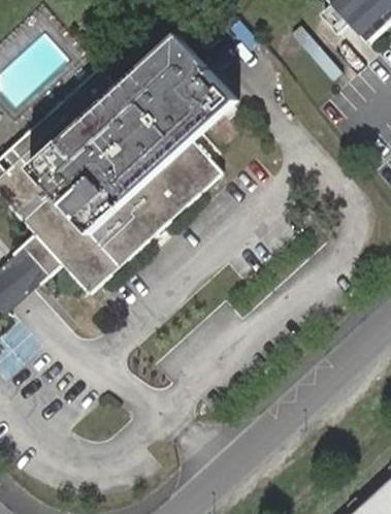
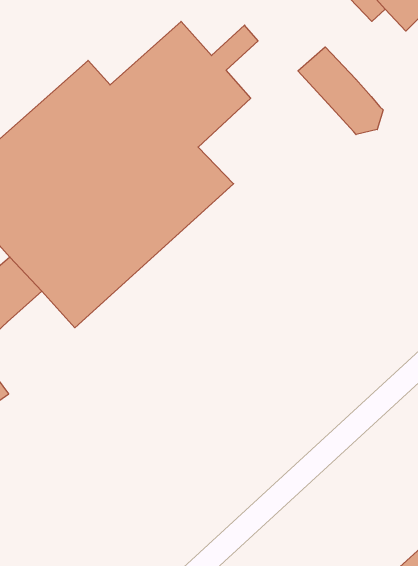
building: none -> [298,47,383,135]

